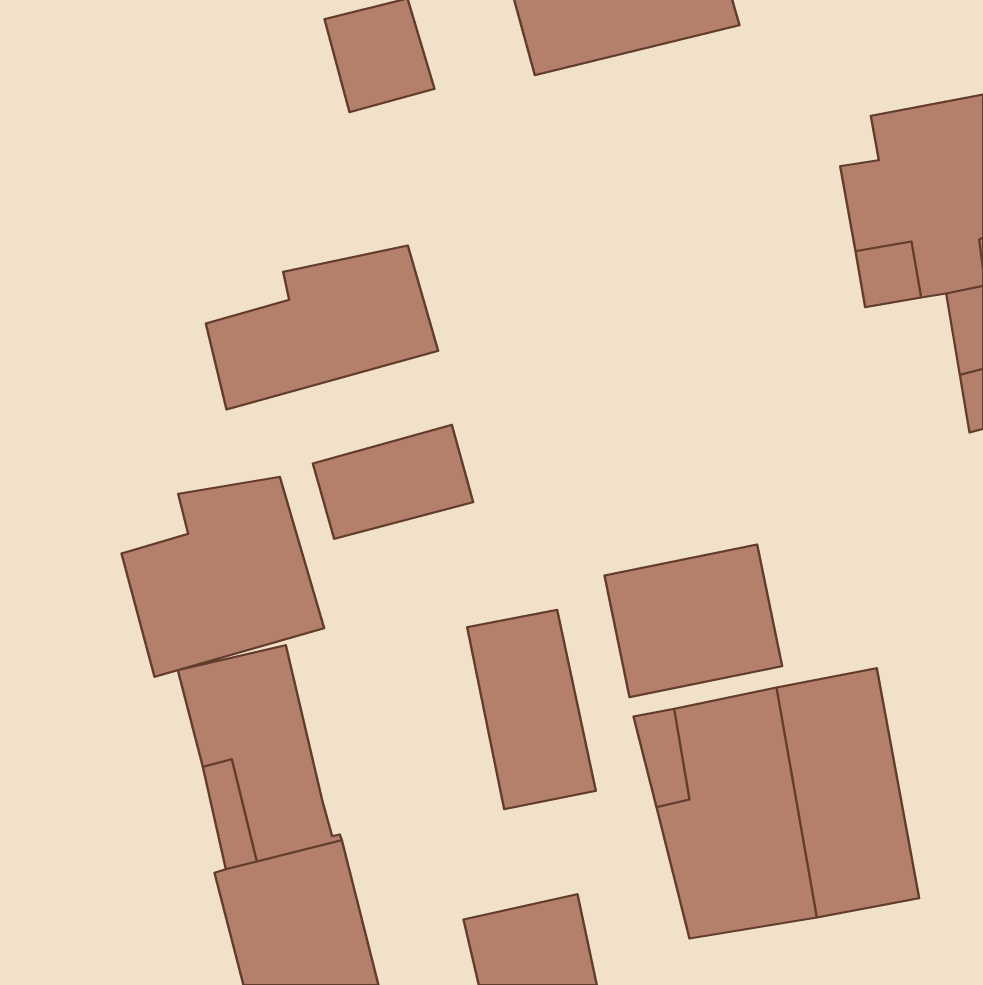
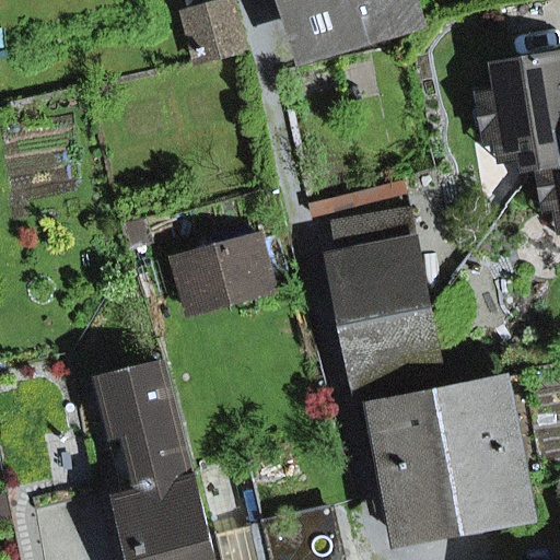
building: [206,245,438,410] -> none
building: none -> [324,209,429,326]
building: [121,477,324,677] -> none
building: [467,610,596,809] -> none

